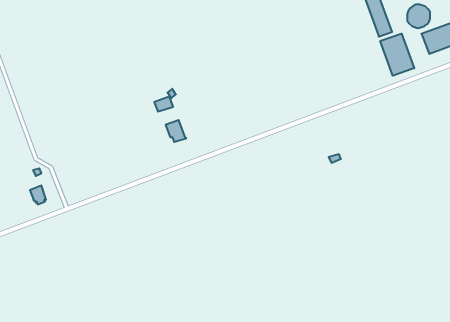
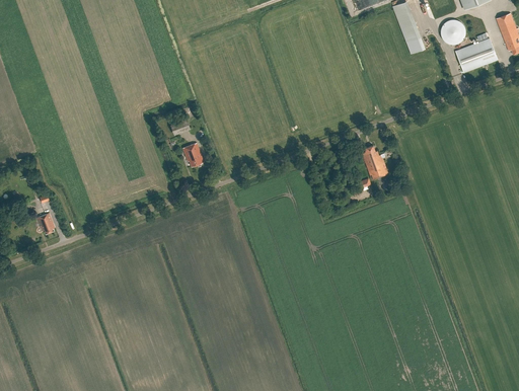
building: [380,34,414,76] -> none
building: none -> [361,145,387,179]

